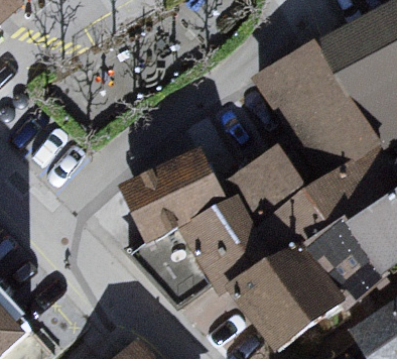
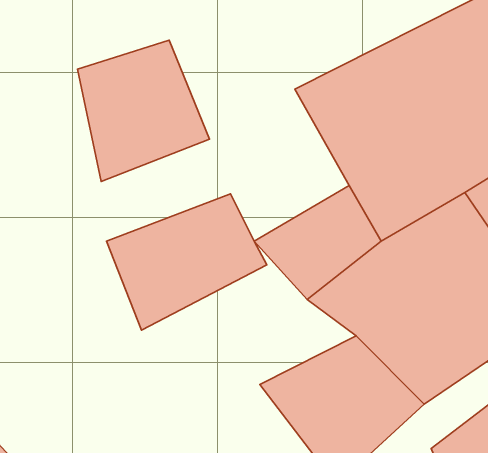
building: none -> [77,40,209,182]
building: [174,201,293,291] -> none

